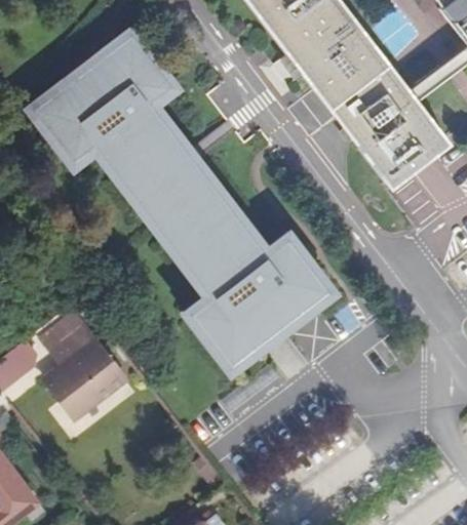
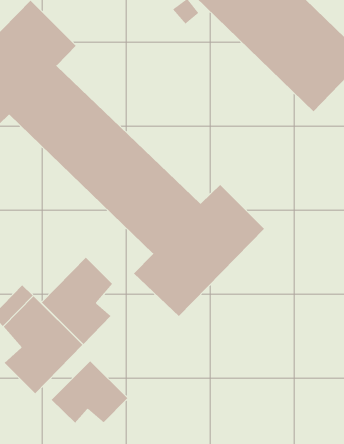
building: none -> [41,257,113,345]
building: none -> [51,361,128,423]

